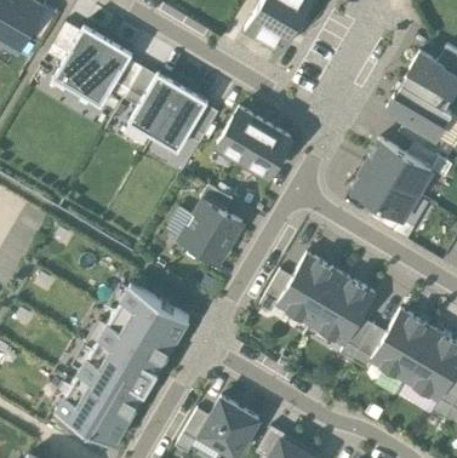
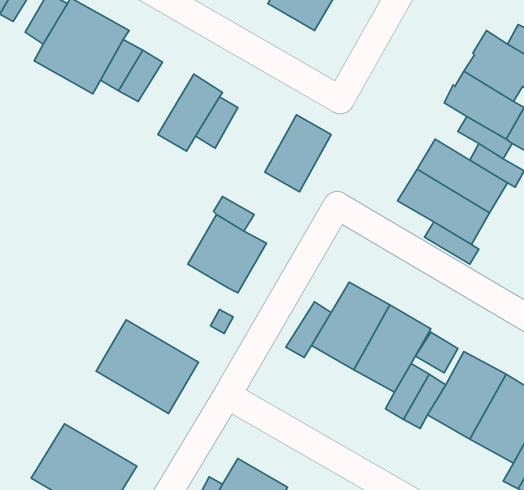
building: [131,74,184,136] -> none
building: [213,104,267,166] -> none
building: [80,326,164,402] -> none

